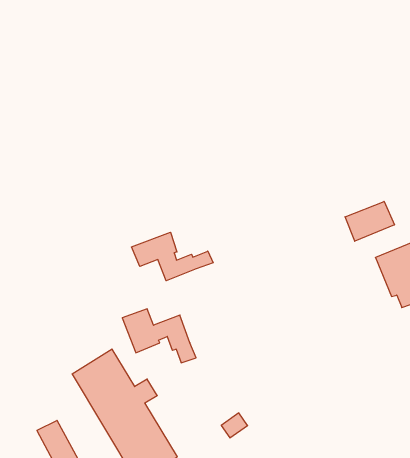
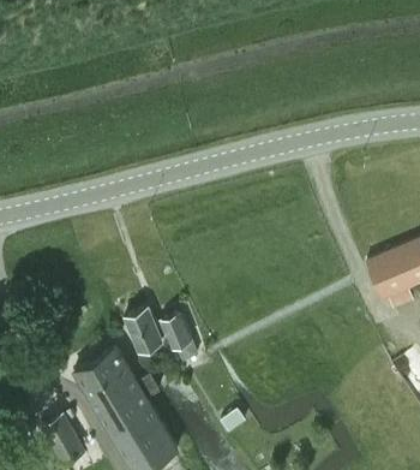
building: [345,201,394,241] -> none
building: [131,232,213,281] -> none

